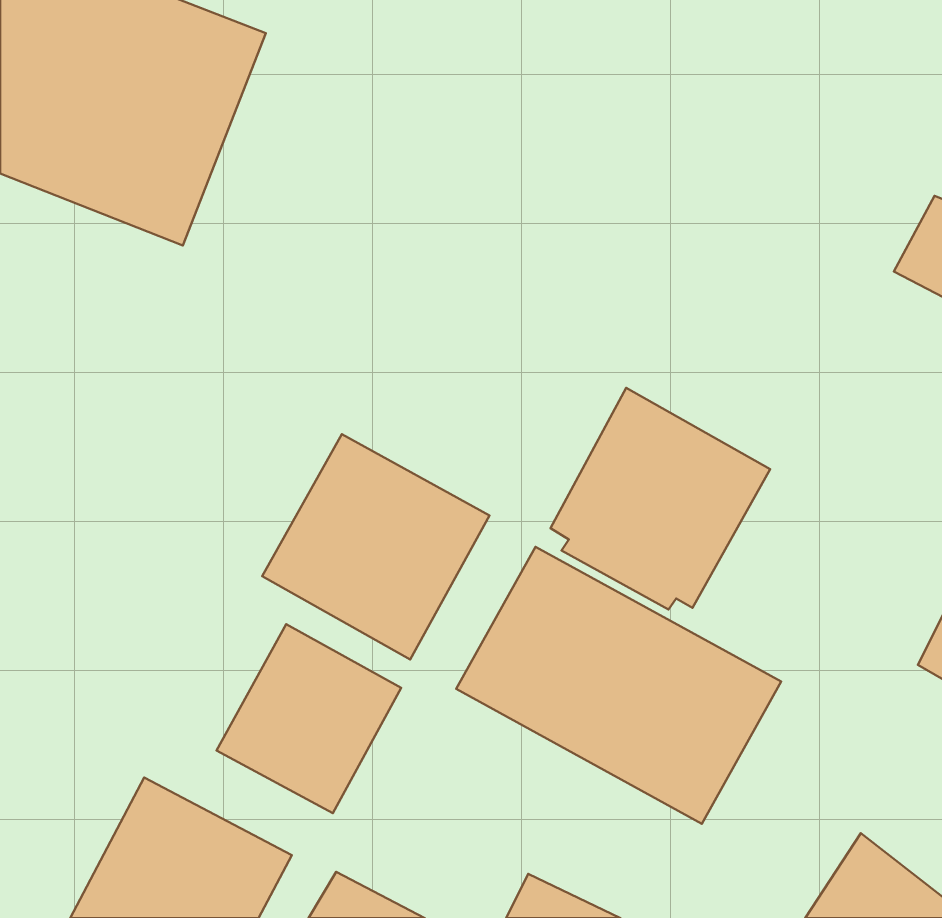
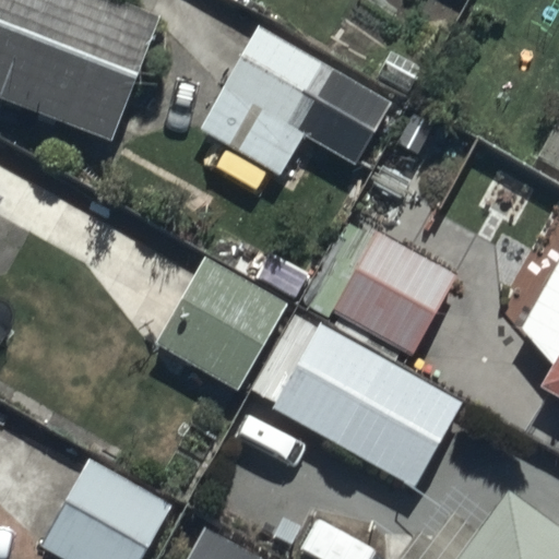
building: none -> [200,26,394,173]
building: [217,624,401,813] -> none

